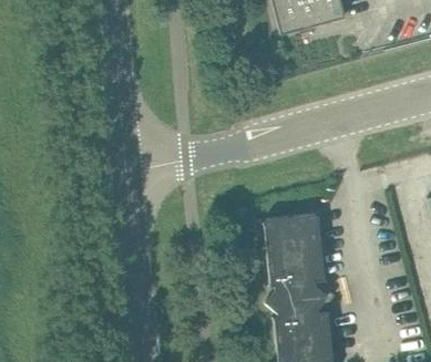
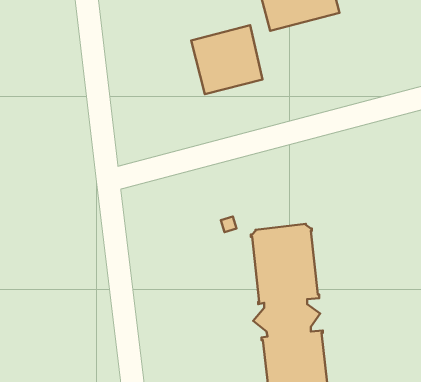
building: none -> [191,25,263,94]

